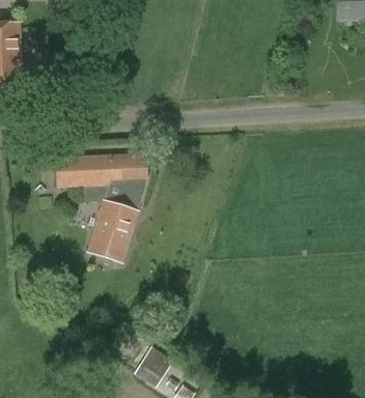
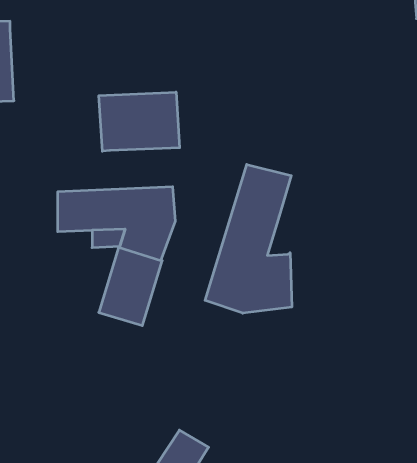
building: none -> [99,92,180,151]
building: none -> [205,164,292,313]

